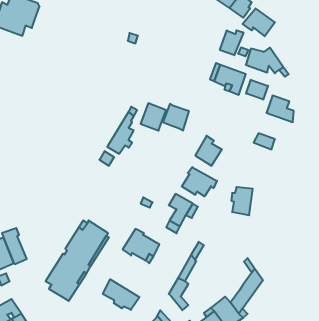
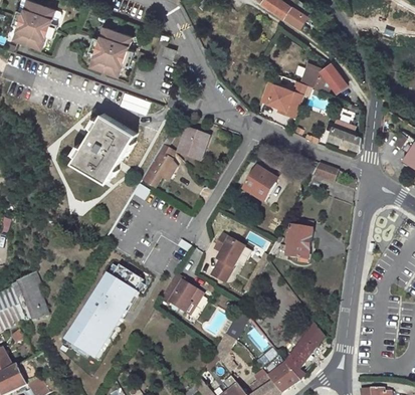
building: [243,8,275,36] -> none
building: none -> [87,27,132,75]
building: [220,30,243,55] -> none
building: [246,80,268,100] -> none
building: none -> [73,114,136,182]
building: [163,104,189,131] -> none
building: [182,167,217,196] -> none
building: [103,279,139,310] -> none

